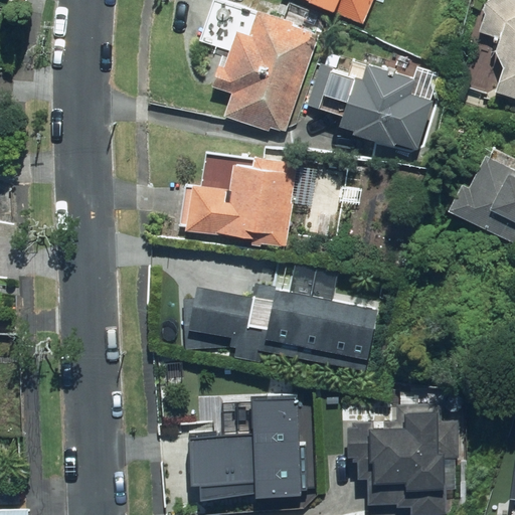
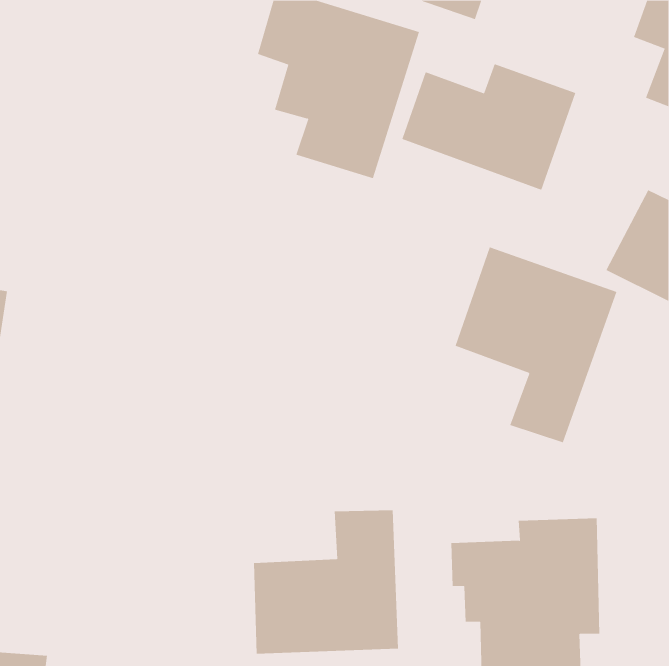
building: [185,162,293,245] -> none
building: none -> [455,246,617,443]
building: [188,259,382,371] -> none

